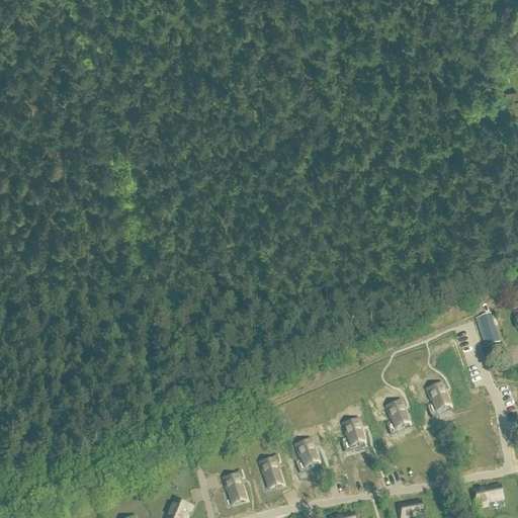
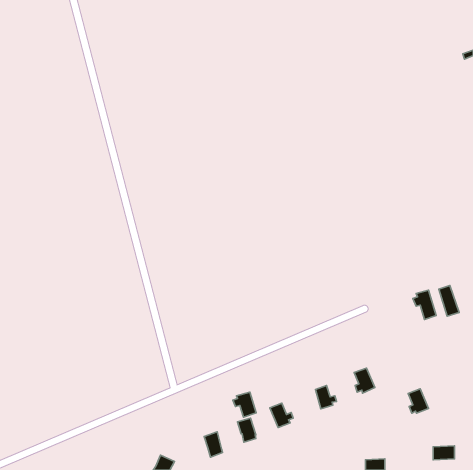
building: none -> [413,290,436,320]
building: [427,384,449,411] -> [408,389,429,413]
building: none -> [233,392,256,417]

